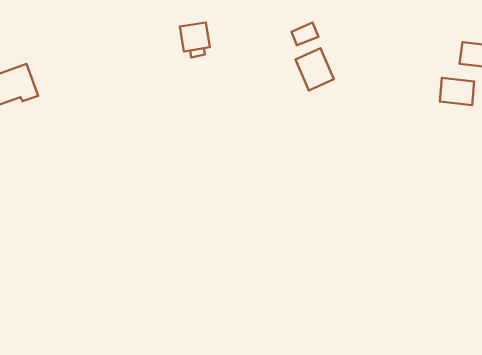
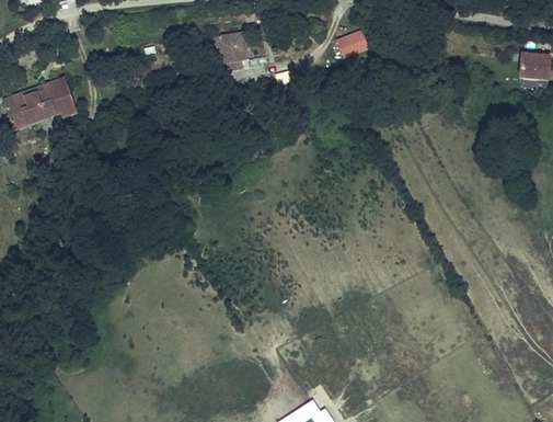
building: [295,48,334,91] -> none
building: [440,78,474,105] -> none

